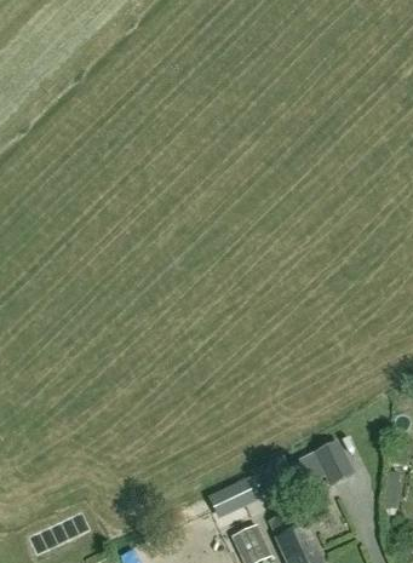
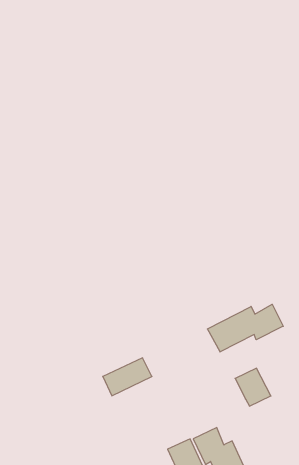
building: none -> [207,304,283,352]
building: [206,473,264,518] -> [103,358,152,396]

